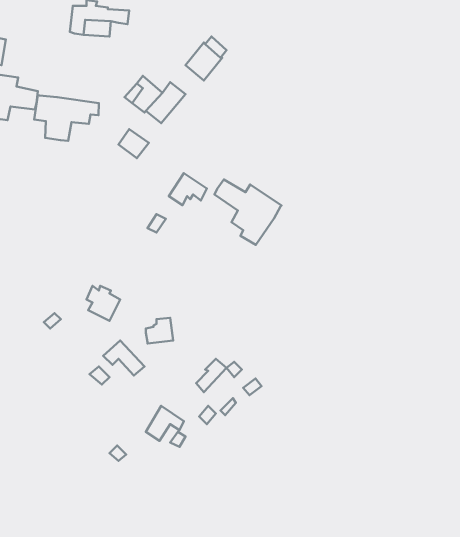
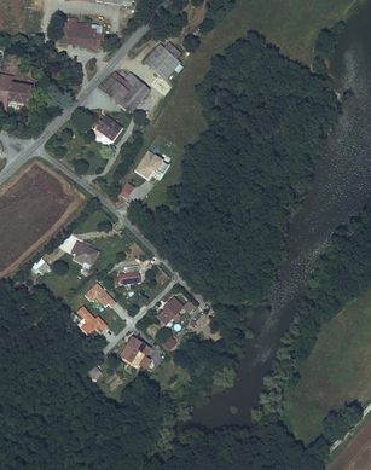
building: [34,95,99,141] -> none
building: [214,179,281,245] -> none

